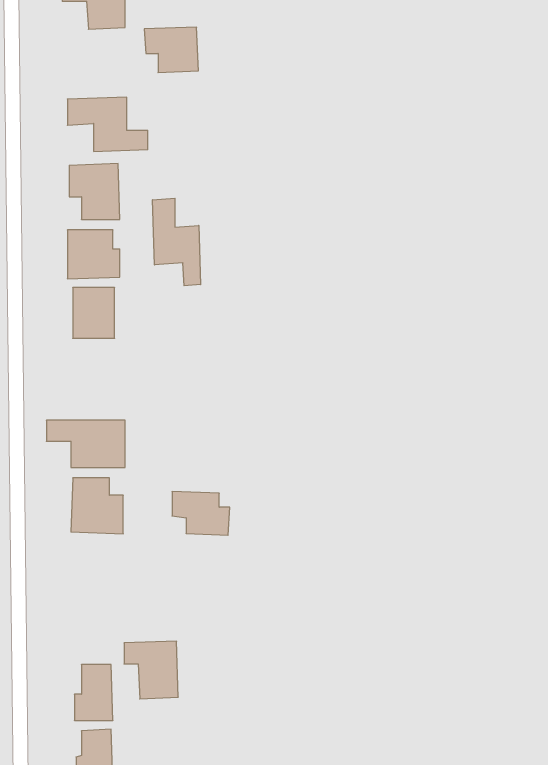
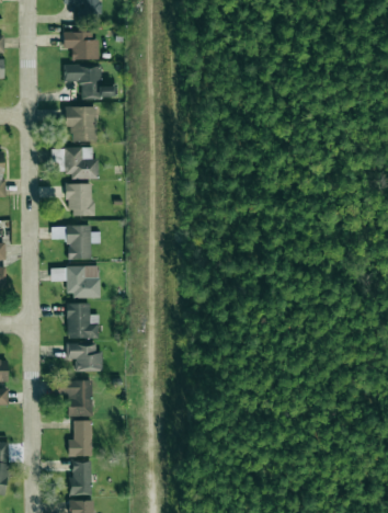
building: [144,27,198,73] -> [62,32,96,60]
building: [153,198,201,286] -> none
building: none -> [50,226,100,260]
building: [172,492,230,535] -> [66,343,102,371]
building: [124,641,178,699] -> [58,380,92,417]

